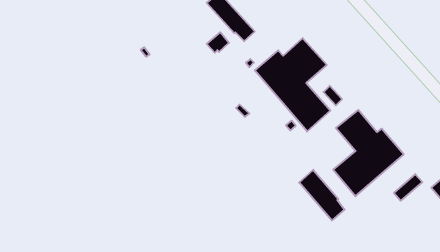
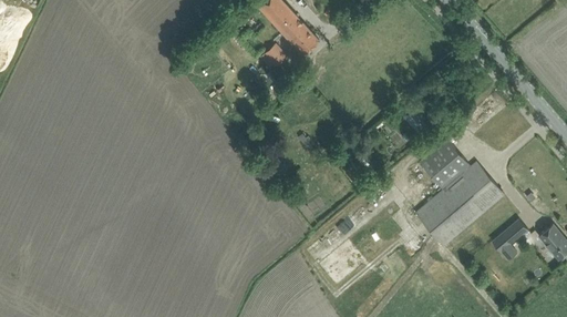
building: [255,38,330,132] -> none
building: [299,170,345,220] -> none

